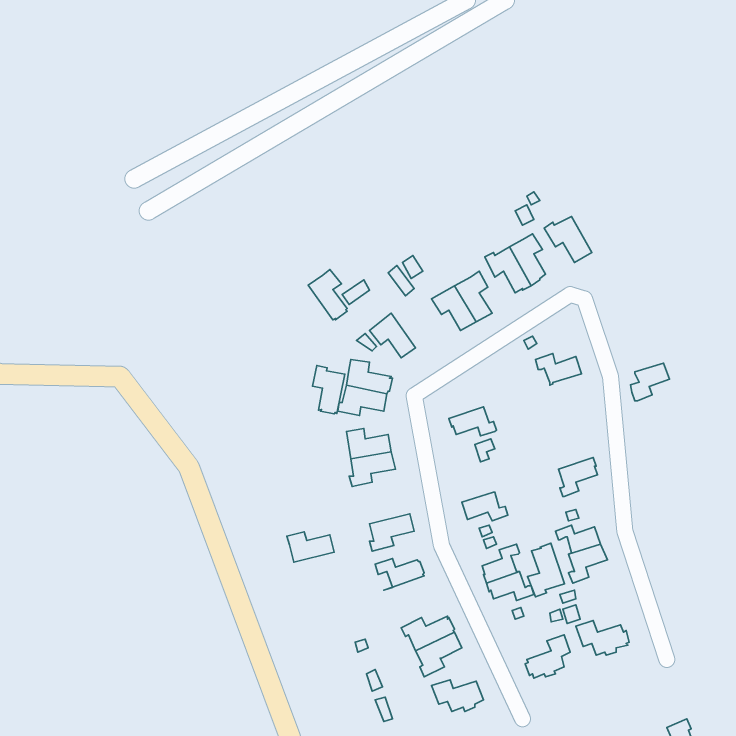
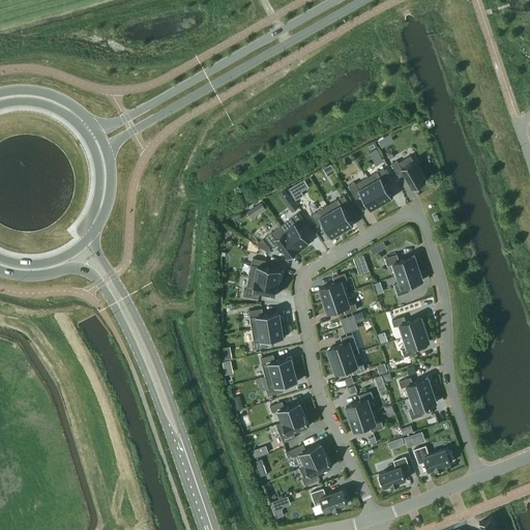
building: [308,269,347,320] -> [281,214,308,251]
building: [630,363,669,401] -> [393,269,421,296]
building: [312,366,345,414] -> none
building: none -> [319,273,347,301]
building: none -> [391,317,425,337]
building: none -> [327,334,358,361]
building: [287,532,334,562] -> [260,355,294,377]
building: [527,543,565,597] -> none
building: none -> [275,414,308,443]

